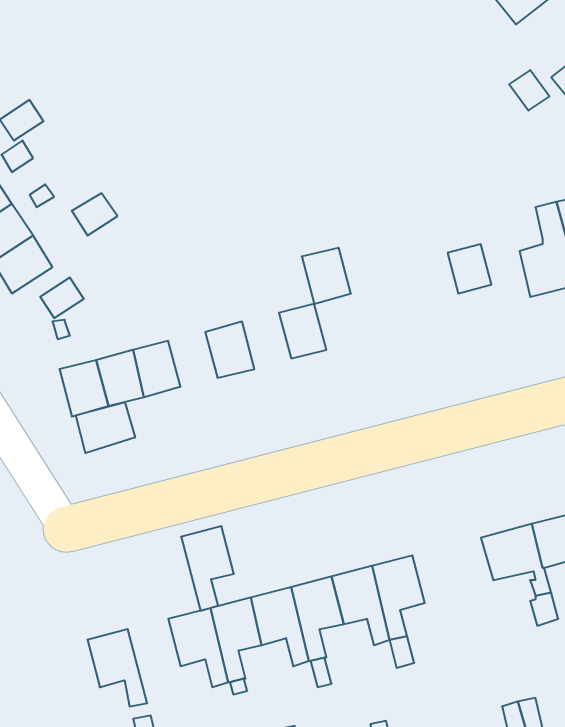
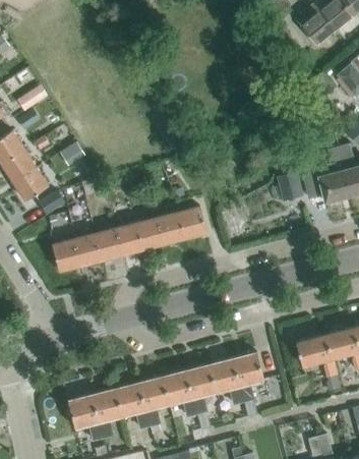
building: [302,248,351,304] -> [158,212,186,244]
building: none -> [115,223,143,254]
building: [76,402,135,453] -> none
building: [181,526,234,611] -> [92,389,122,438]

